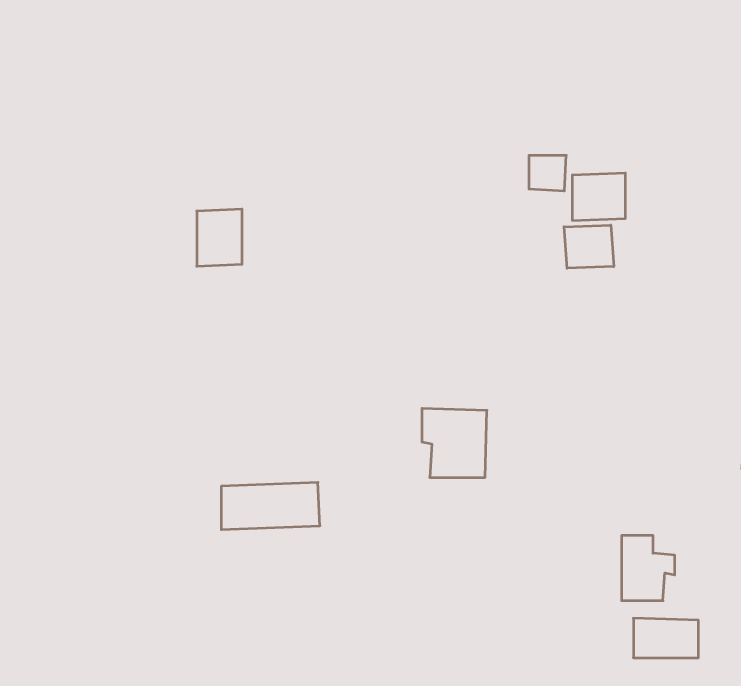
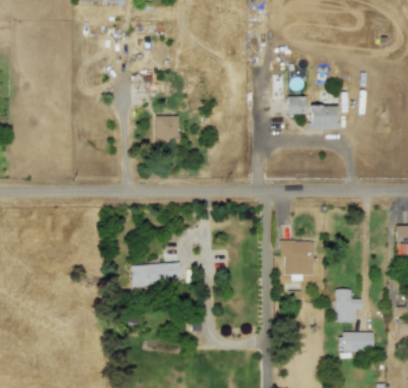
building: [197,209,242,266] -> [156,115,179,144]
building: [564,225,614,268] -> none
building: [422,408,487,477] -> [281,239,314,274]

